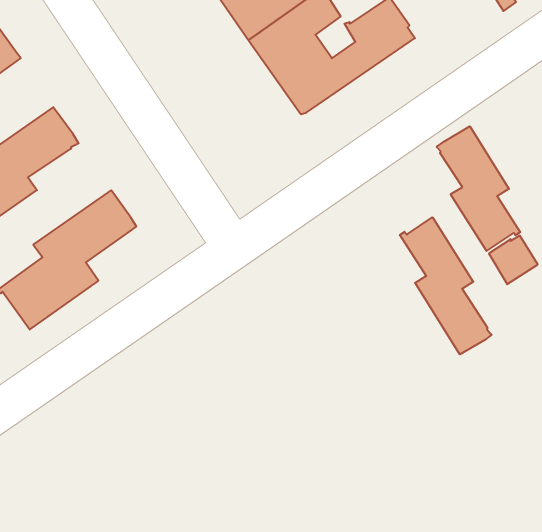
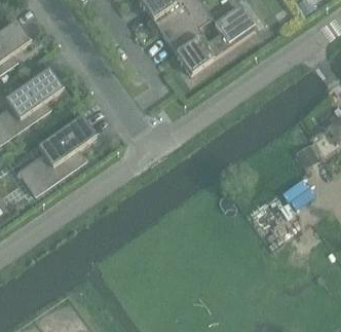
building: [437,126,520,251] -> none
building: [400,217,492,354] -> none

